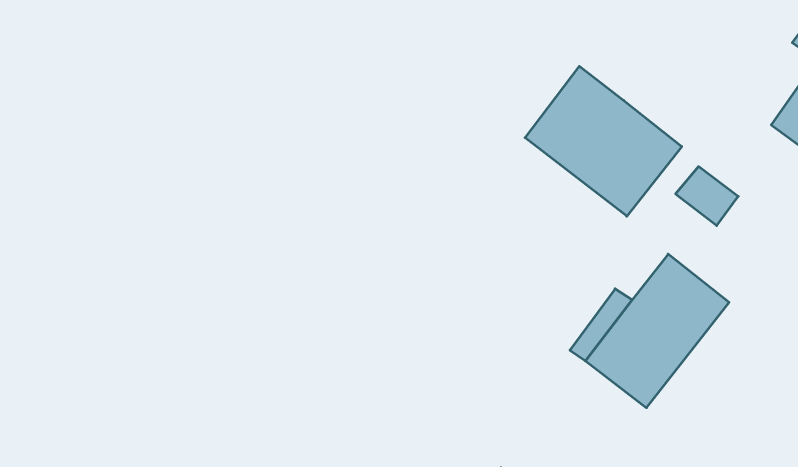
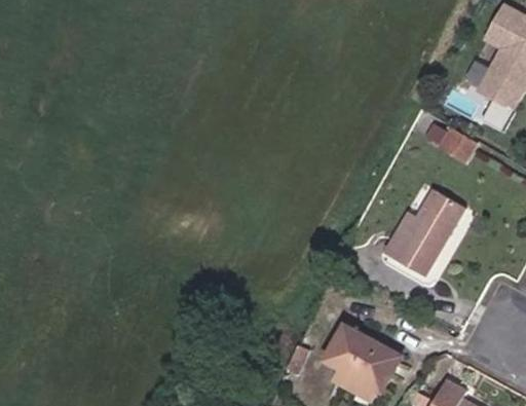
building: [525,66,682,216] -> none

